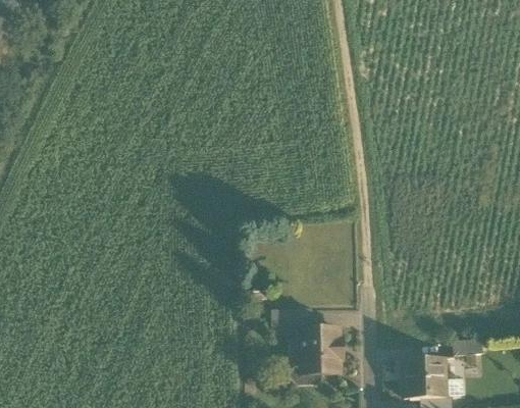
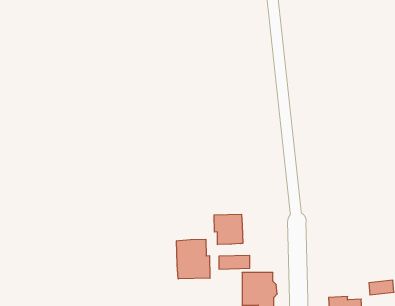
building: none -> [214,214,243,245]
building: none -> [177,239,210,279]

